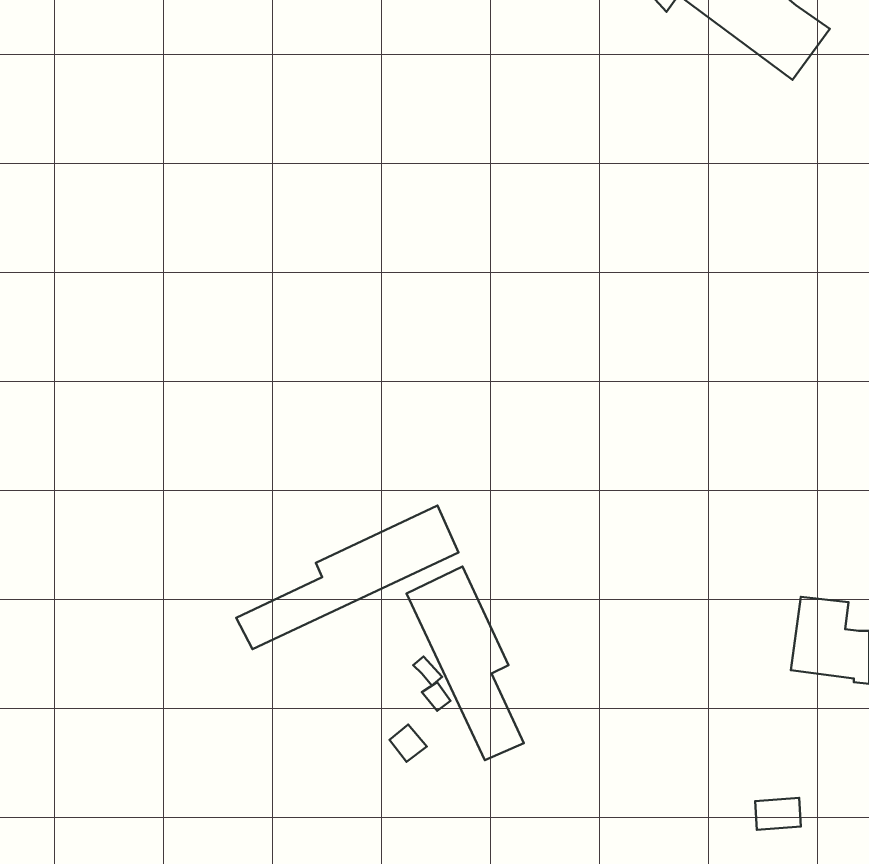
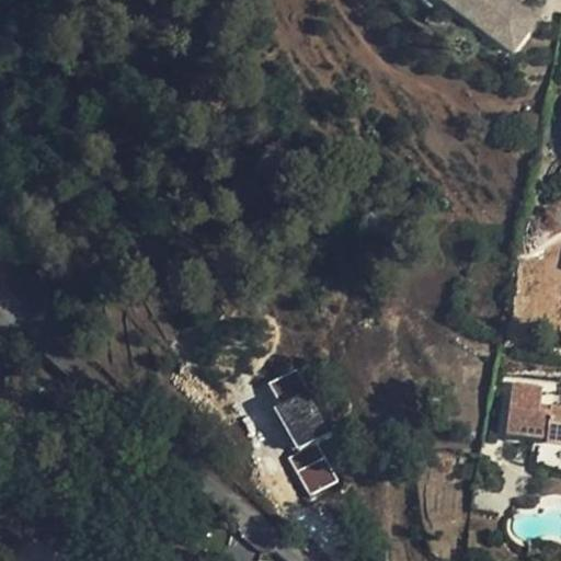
building: [236,505,459,649] -> none

